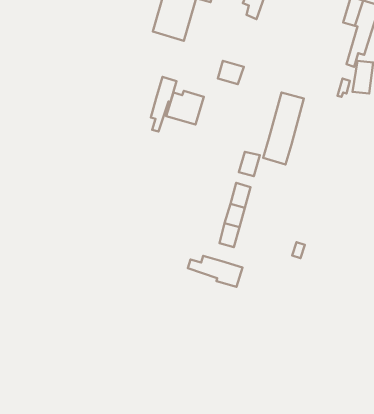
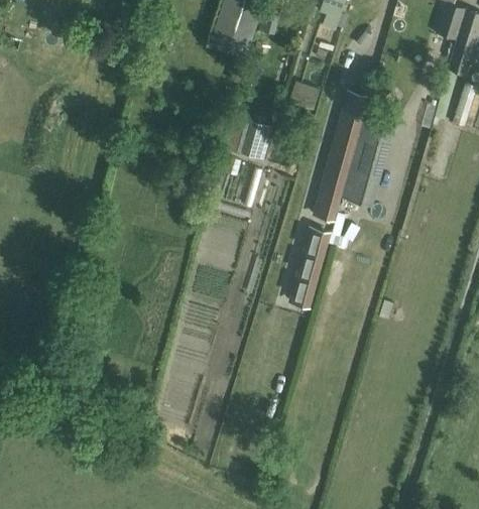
building: [151,77,176,132] -> none
building: none -> [321,134,354,195]
building: [188,256,243,287] -> none

